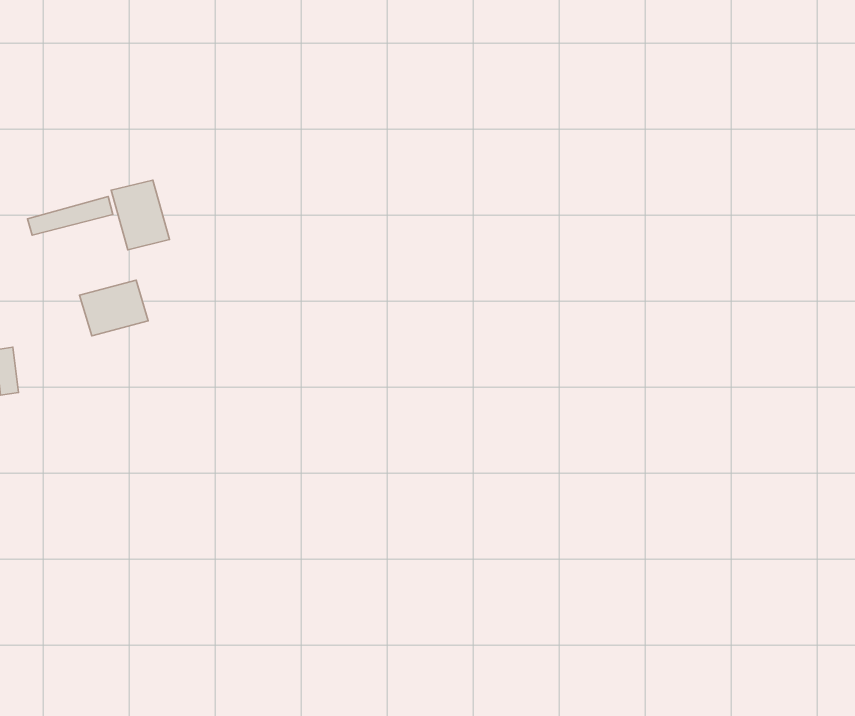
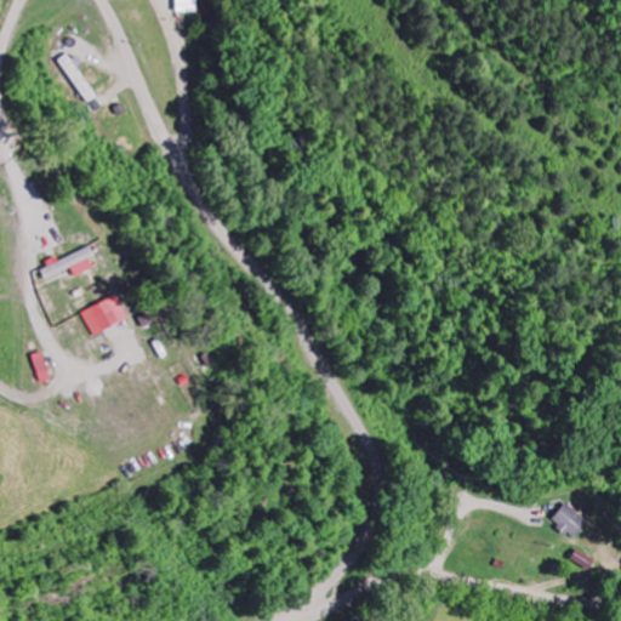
building: [111,180,169,250] -> none

